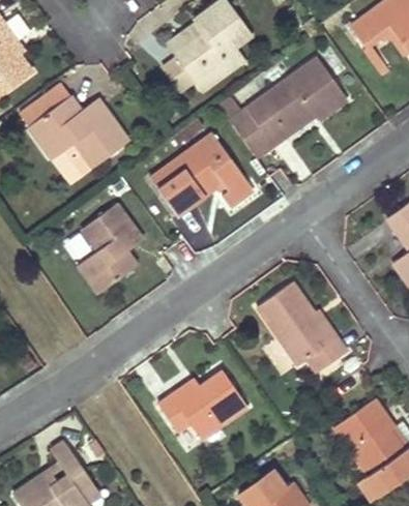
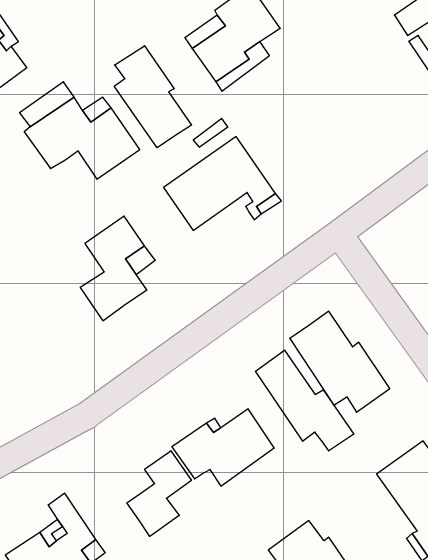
building: none -> [114,46,192,148]
building: [217,55,348,158] -> none
building: none -> [256,350,354,451]
building: none -> [127,451,191,536]

